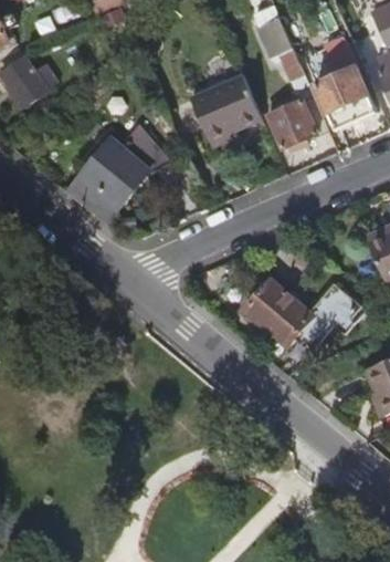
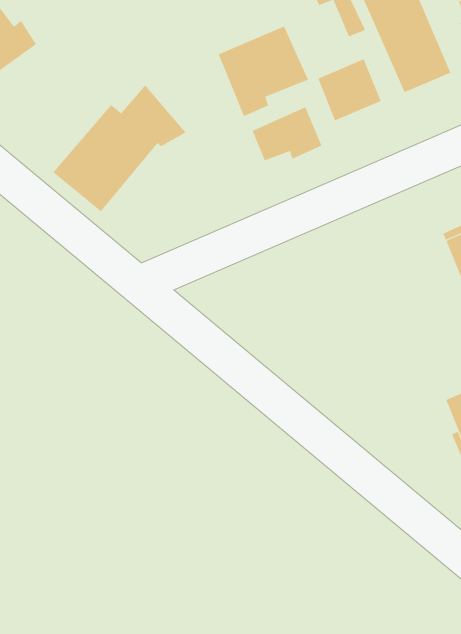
building: none -> [252,107,322,161]
building: [245,280,366,350] -> none

